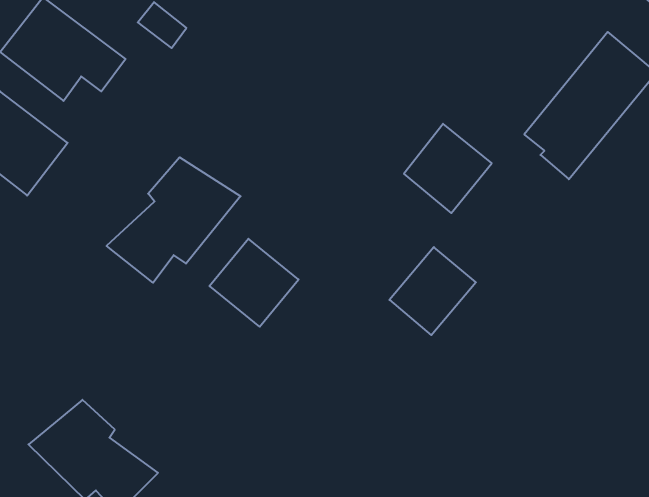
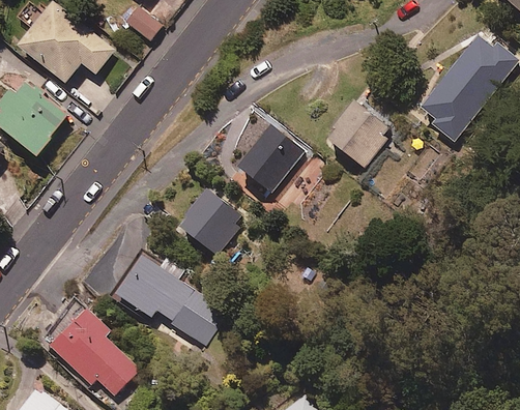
building: [107,157,241,283] -> none
building: [389,247,476,335] -> [239,124,306,192]
building: none -> [114,255,228,346]

